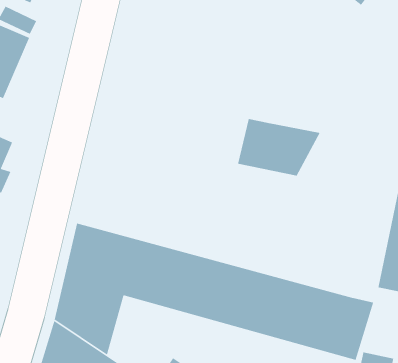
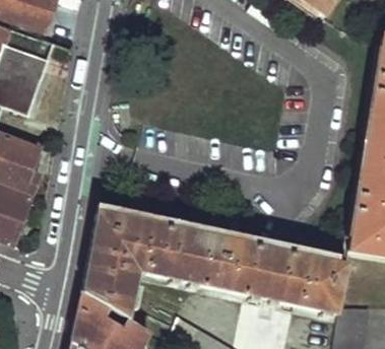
building: [237,118,321,177] -> none

